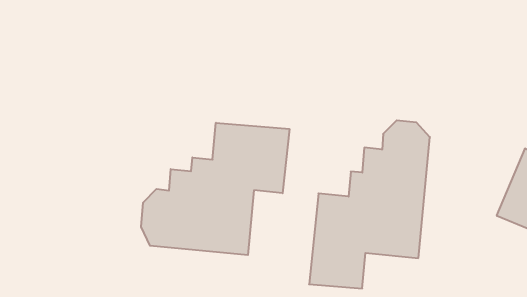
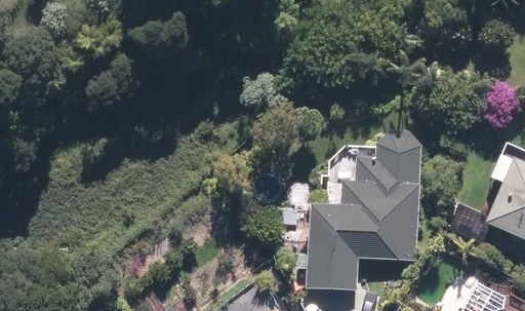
building: [141,123,289,255] -> none

